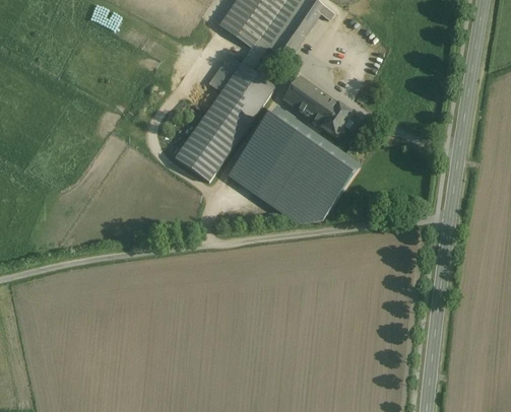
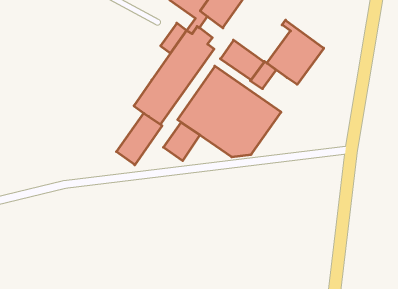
building: none -> [267,20,324,84]
building: none -> [116,113,162,165]
building: none -> [163,122,200,161]

